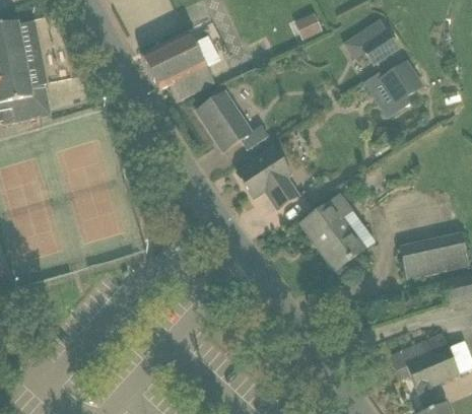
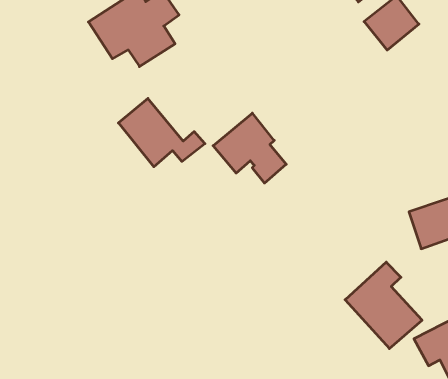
building: [196,91,268,150] -> [118,98,205,167]
building: [300,195,364,269] -> [345,262,422,349]

